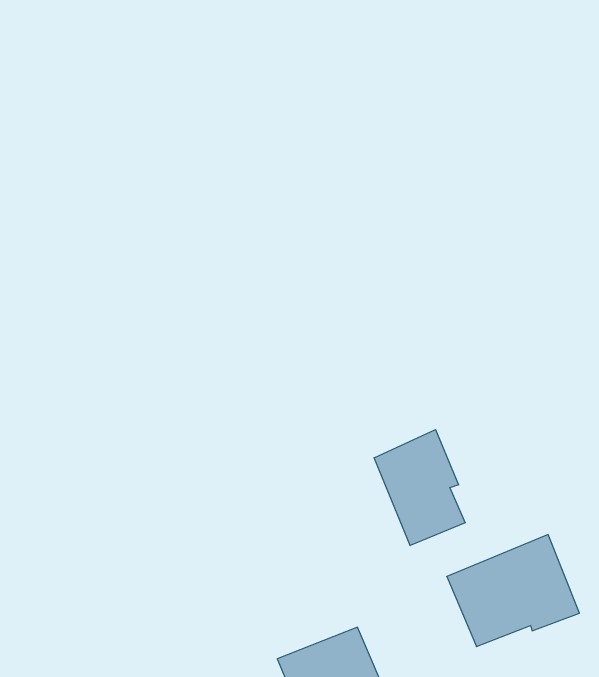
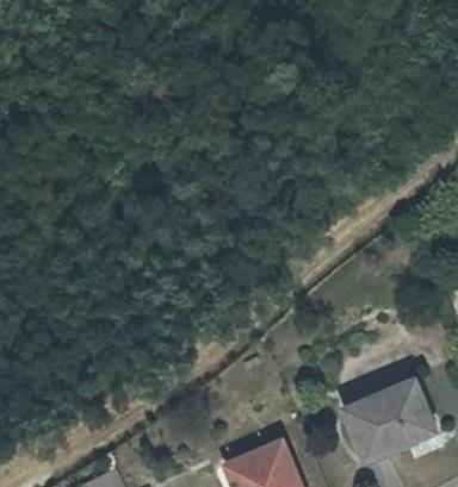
building: [374,430,465,546] -> none

